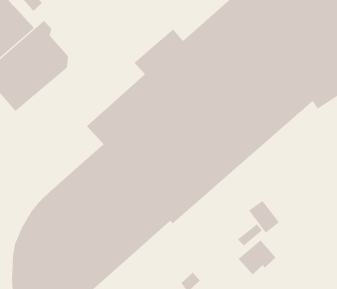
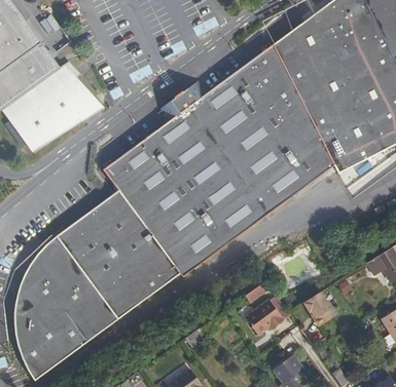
building: [248,200,280,234] -> [302,291,333,324]

